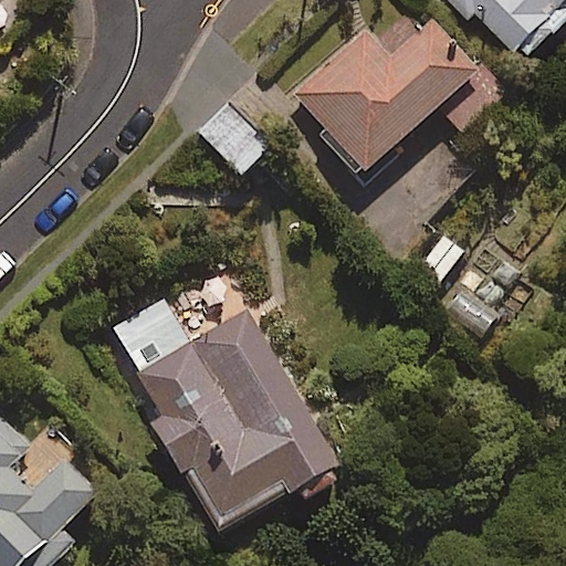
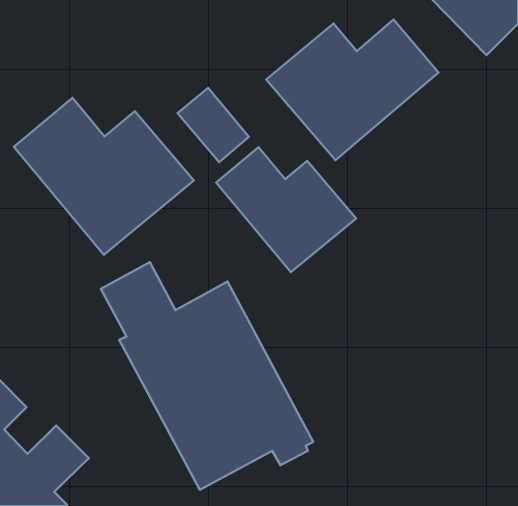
building: none -> [14,98,194,255]
building: none -> [216,147,356,272]

